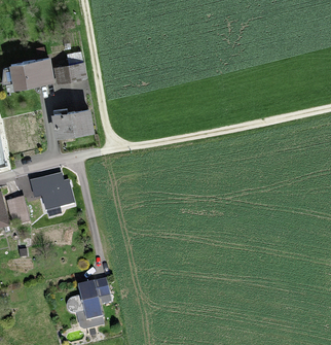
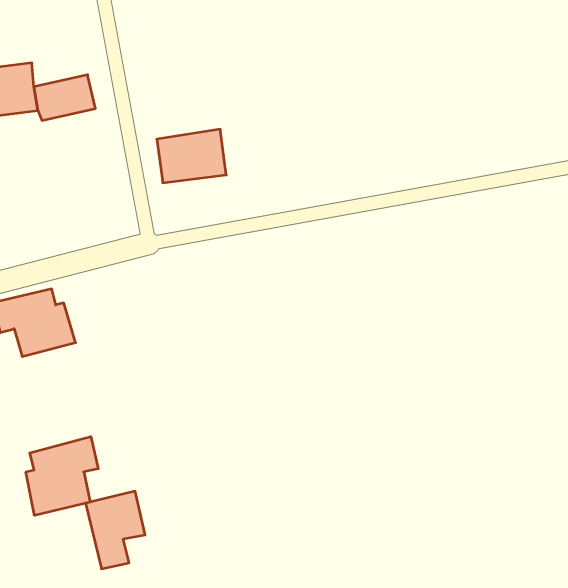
building: [54,107,90,135] -> [157,129,226,183]
building: none -> [26,437,98,515]

